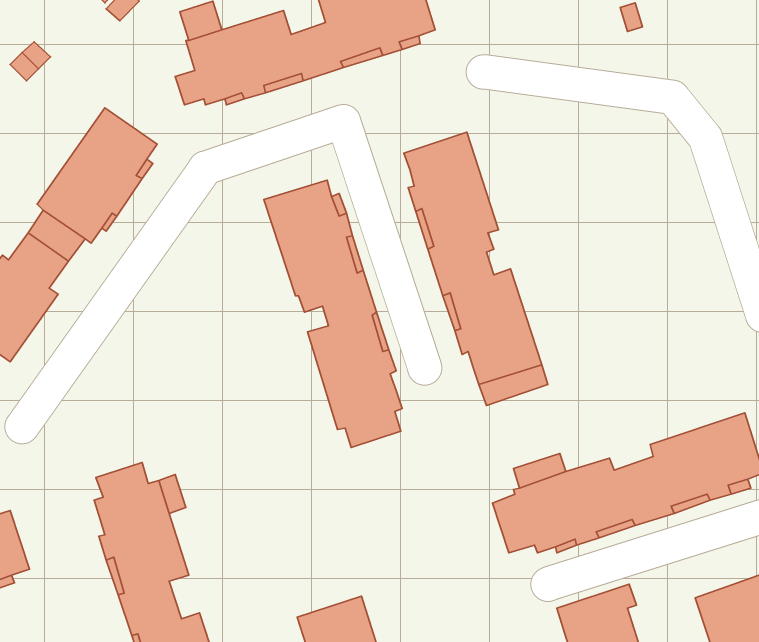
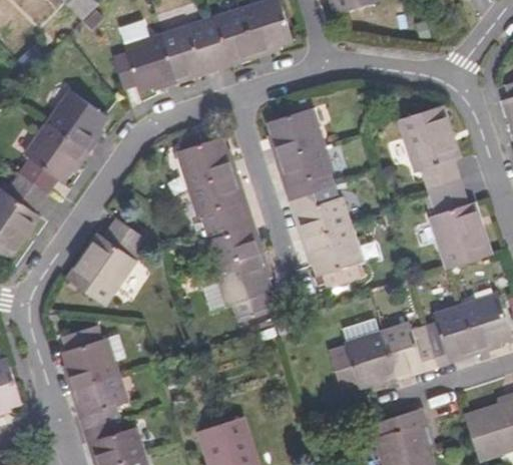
building: none -> [398,105,490,269]
building: none -> [66,218,142,305]

